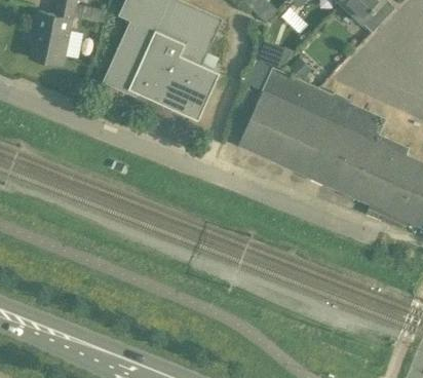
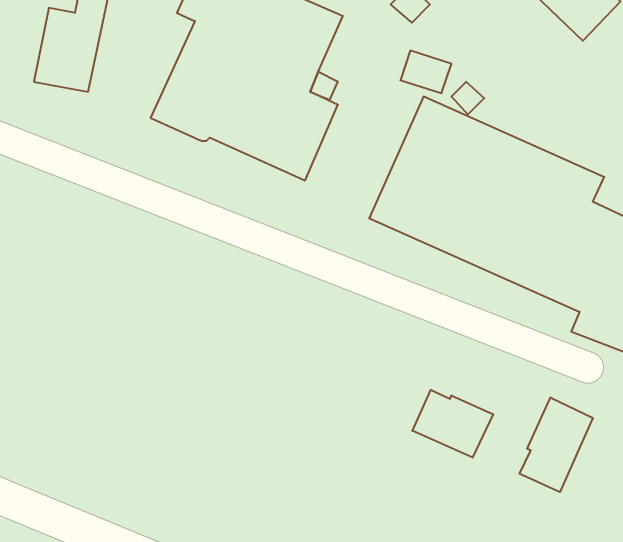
building: none -> [412,390,493,458]
building: none -> [520,397,593,492]

